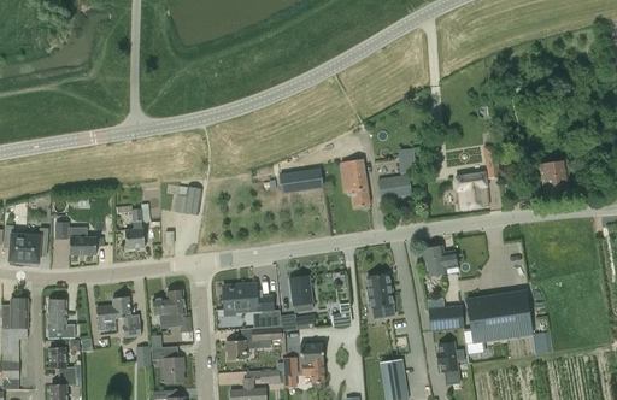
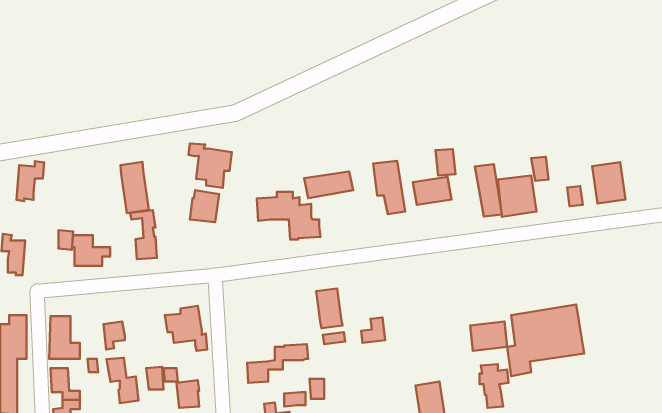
building: none -> [189,143,232,188]
building: none -> [121,162,149,213]
building: none -> [475,164,502,217]
building: [23,228,48,264] -> [16,161,44,201]
building: [422,246,458,276] -> none
building: [365,273,394,317] -> none
building: [223,284,281,328] -> [257,192,321,240]
building: [112,296,141,337] -> [107,358,138,403]
building: [300,342,324,382] -> none

